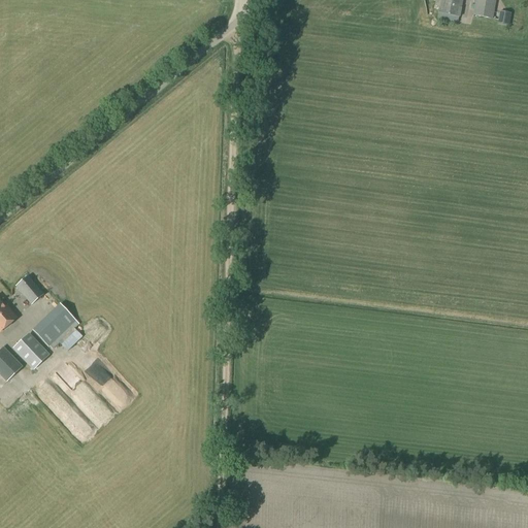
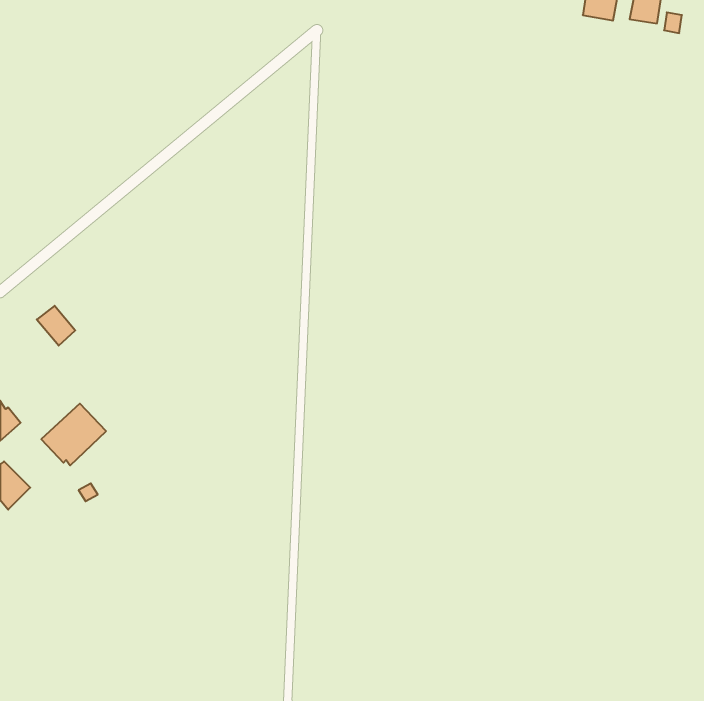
building: [14,274,43,304] -> [37,306,75,346]
building: [11,331,50,369] -> none

